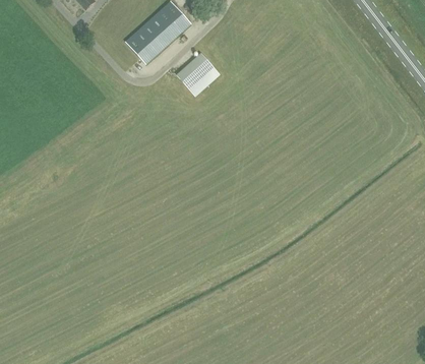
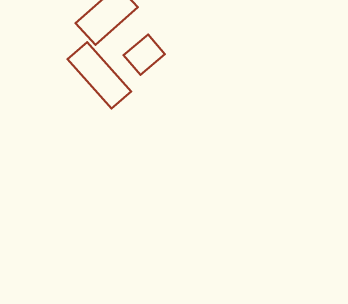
building: none -> [68,42,131,108]

